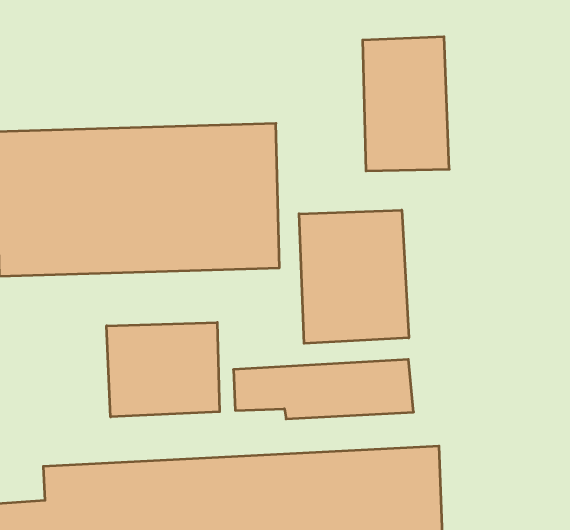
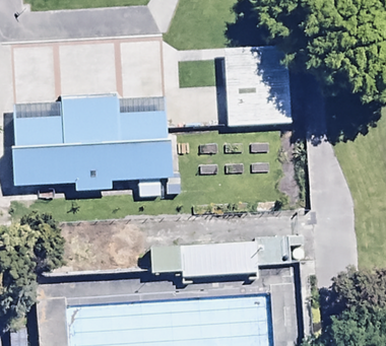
building: [299,210,409,343] -> none
building: [107,322,220,417] -> none

